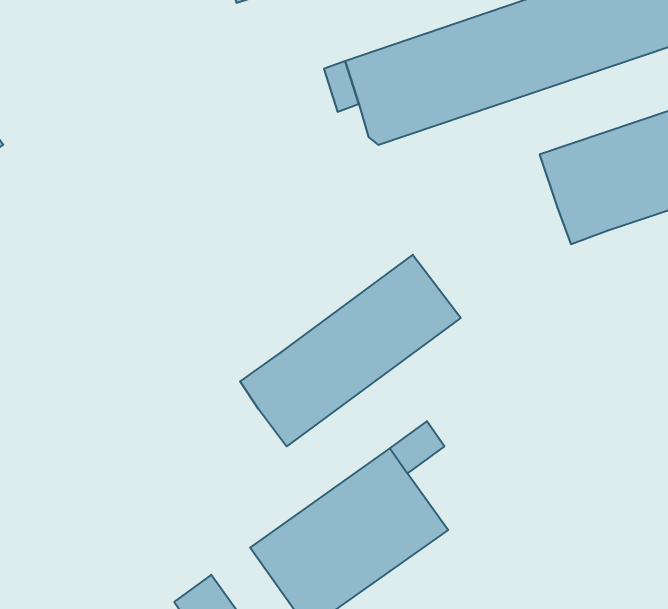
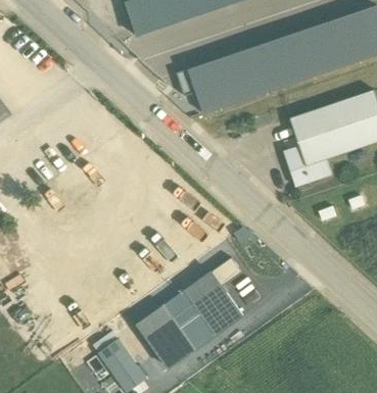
building: none -> [284,146,331,187]
building: [240,255,461,446] -> none

